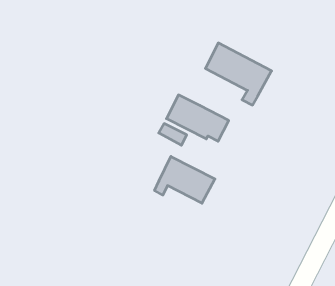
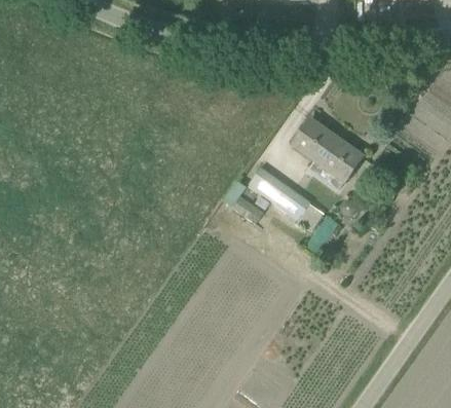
building: [155,156,215,203] -> none

